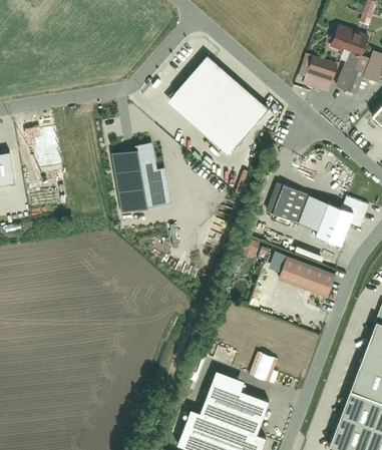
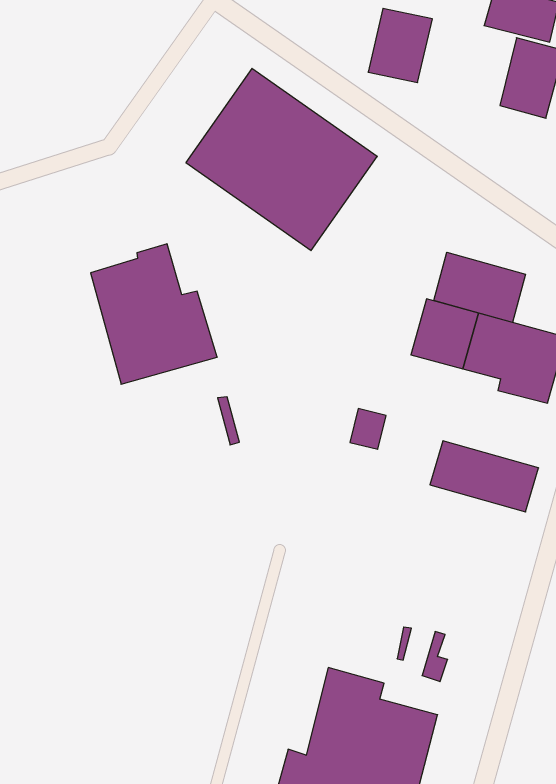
building: [301,56,337,96] -> [368,8,432,83]
building: none -> [434,252,525,322]

